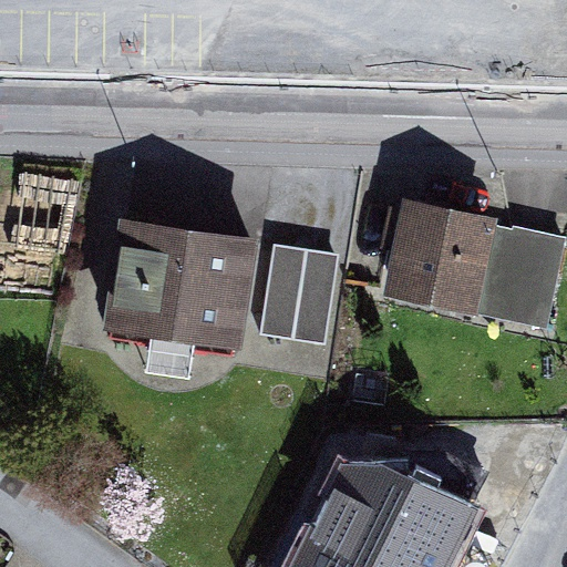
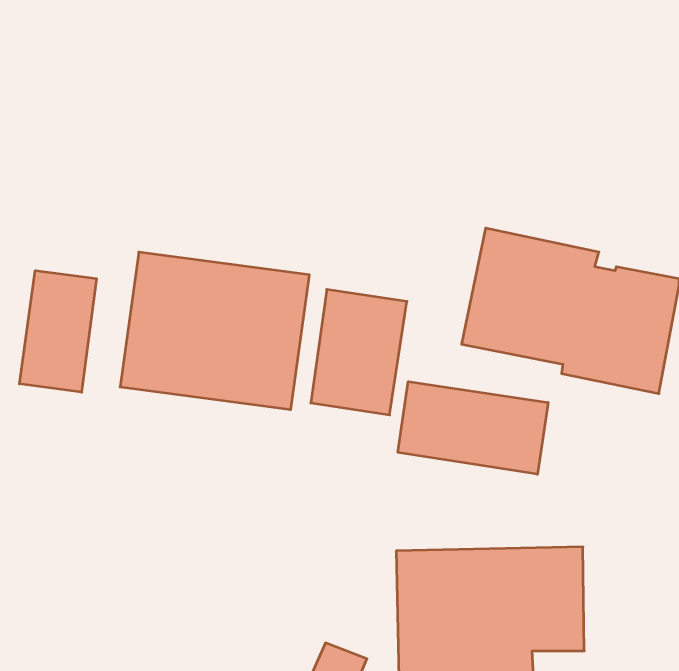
building: none -> [19,271,96,392]
building: none -> [398,382,548,474]

